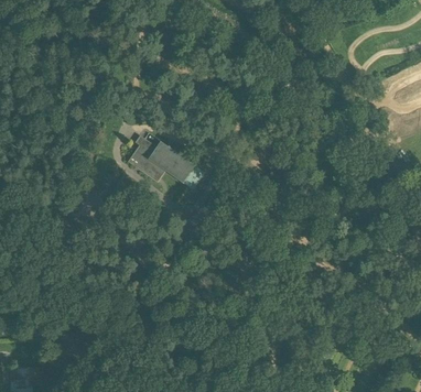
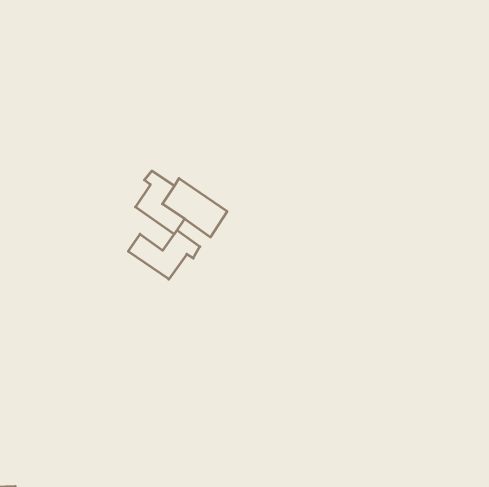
building: none -> [128,230,200,279]

